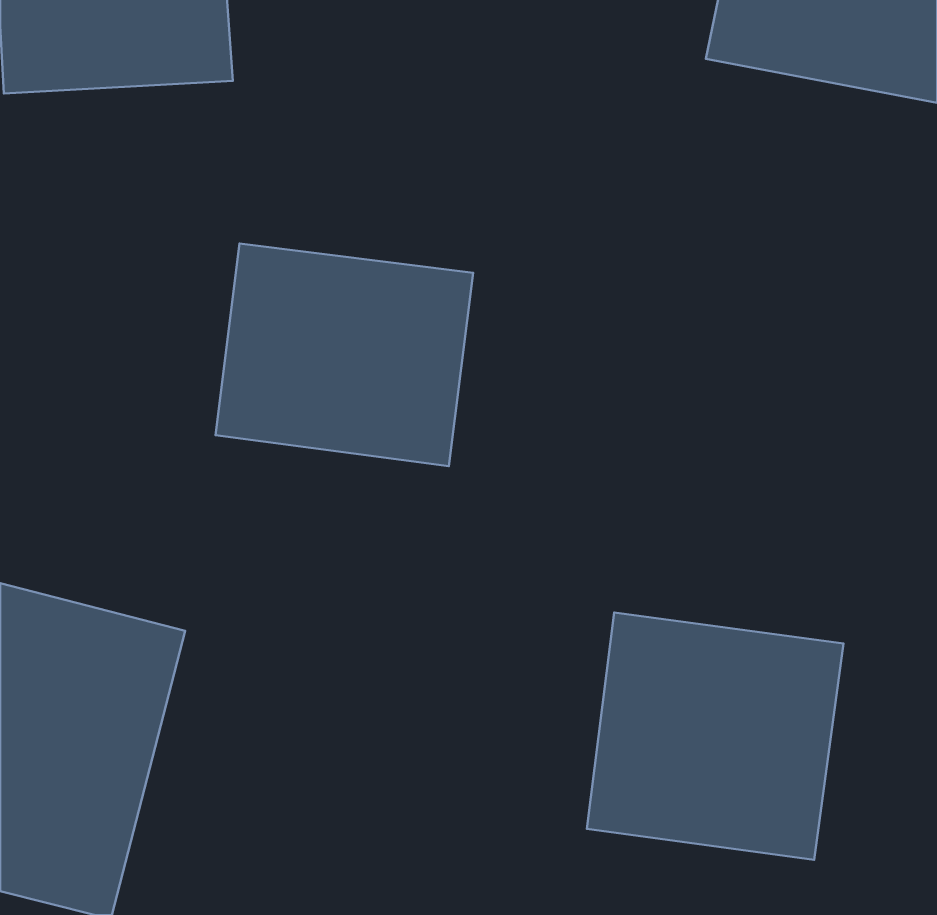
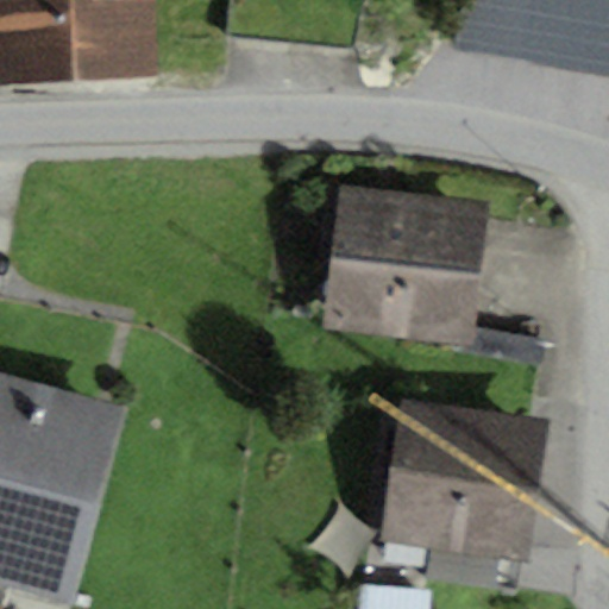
building: [216,243,473,466] -> none
building: none -> [318,193,485,337]

